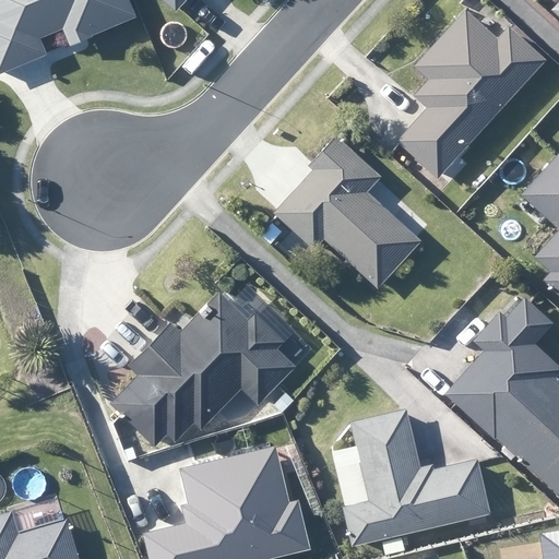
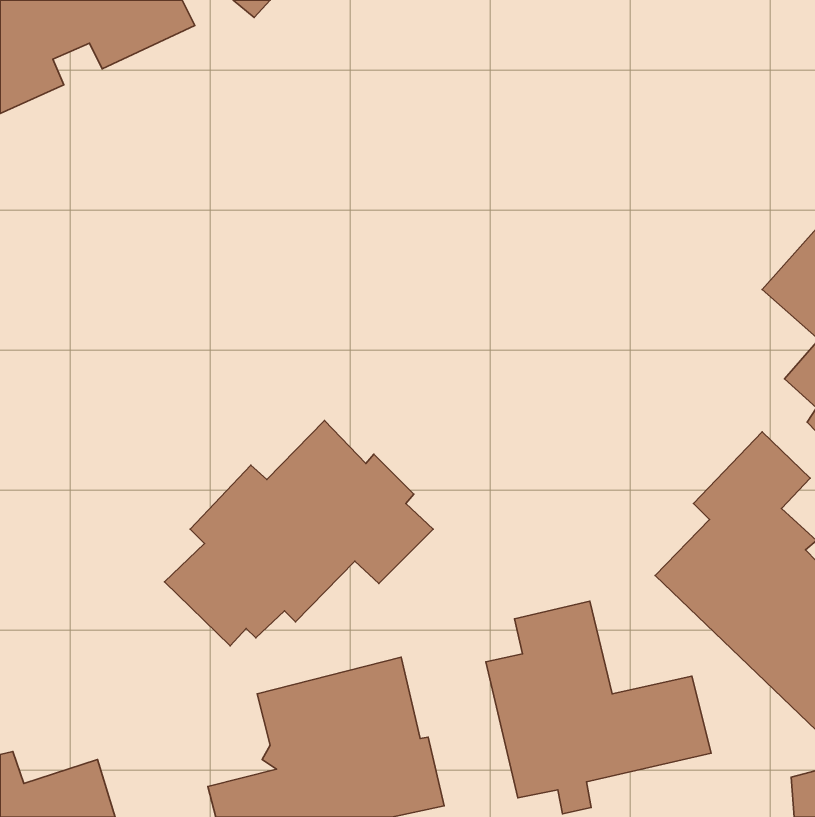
building: [399,11,546,178] -> none
building: [277,139,423,288] -> none

